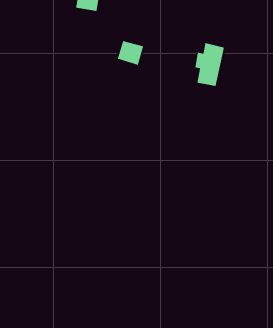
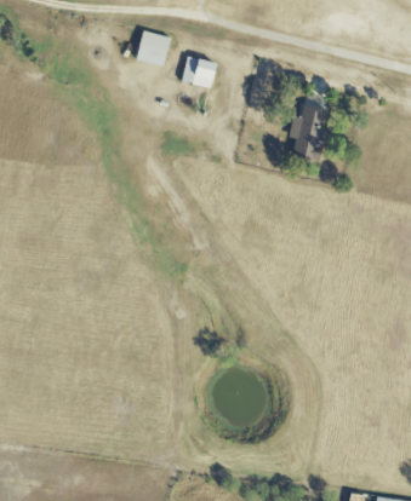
building: [117,40,144,66] -> [181,56,216,88]

